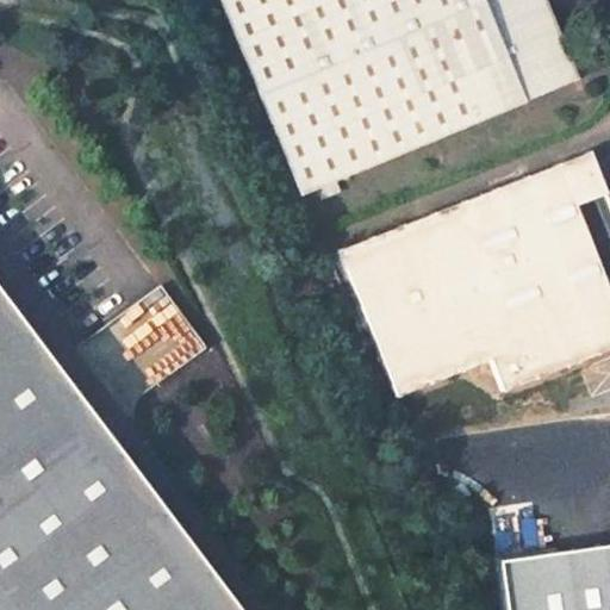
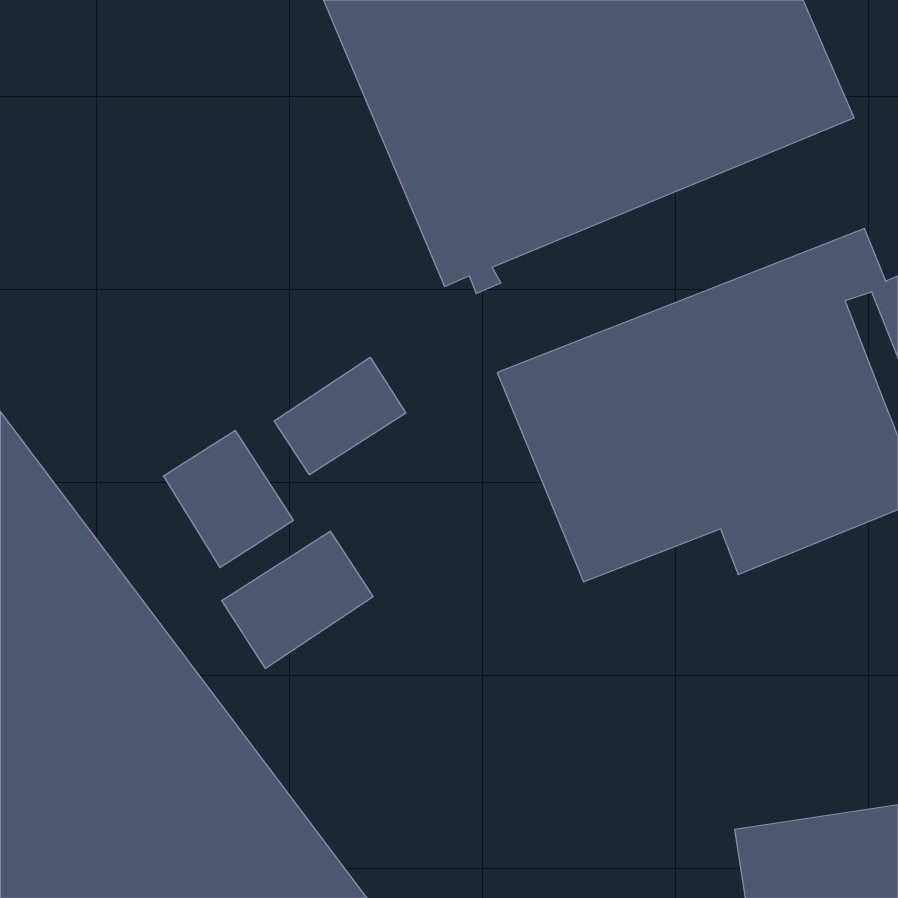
building: none -> [274,357,406,475]
building: none -> [222,531,373,668]

